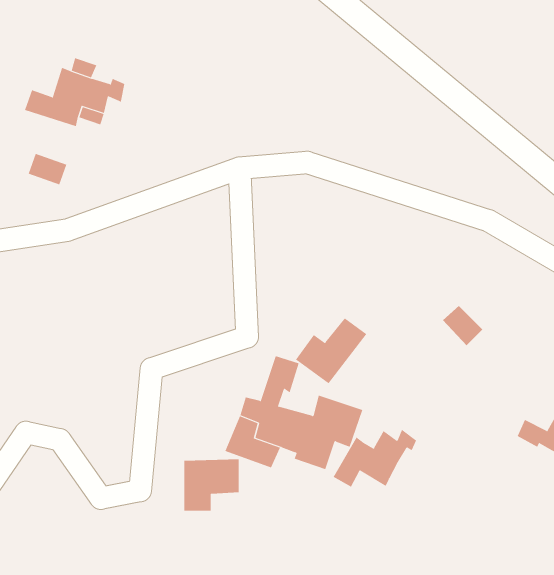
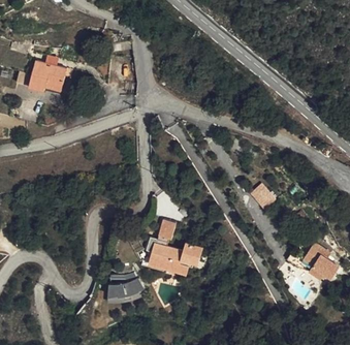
building: [295,318,367,384] -> none
building: [333,429,417,488] -> none

